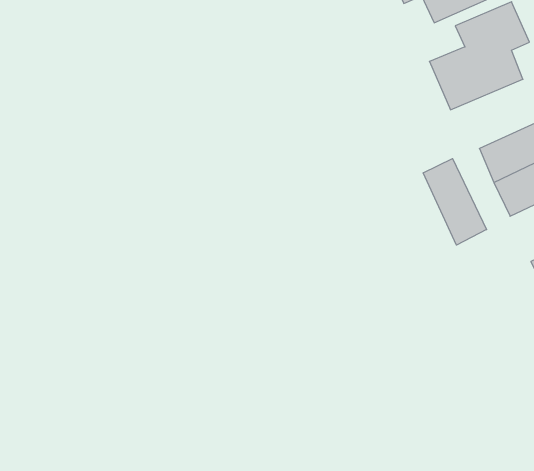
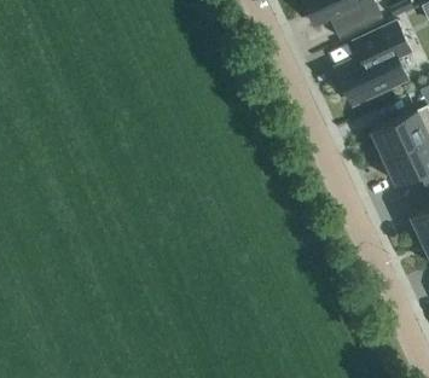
building: [423,159,487,245] -> none

